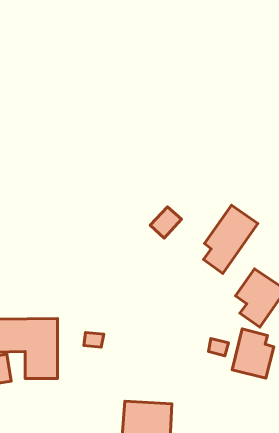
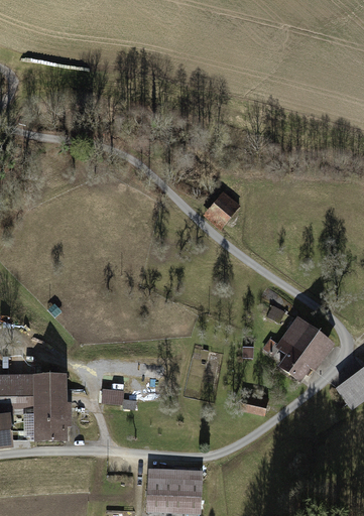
building: [204,205,258,273] -> none
building: [150,207,181,238] -> [203,192,239,229]
building: [232,329,274,378] -> none

